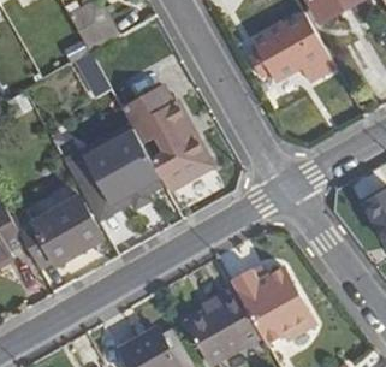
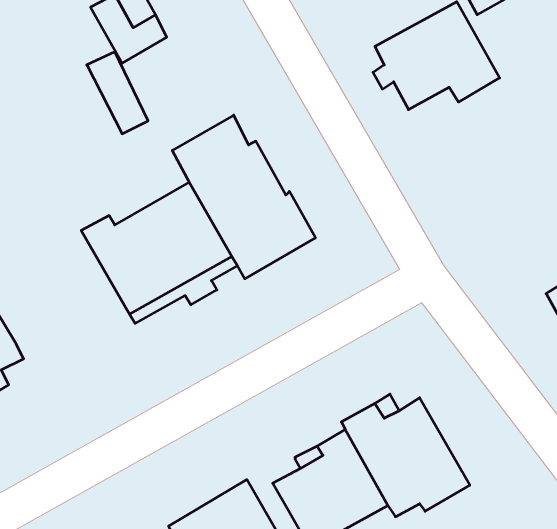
building: [20,195,103,270] -> none

